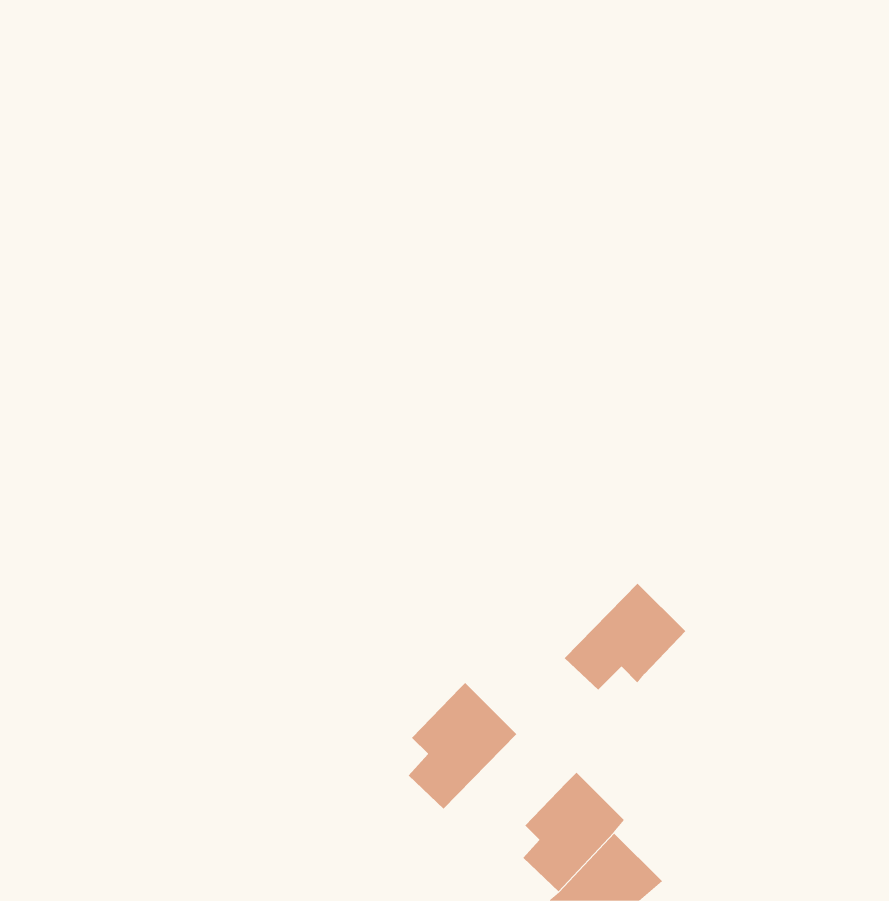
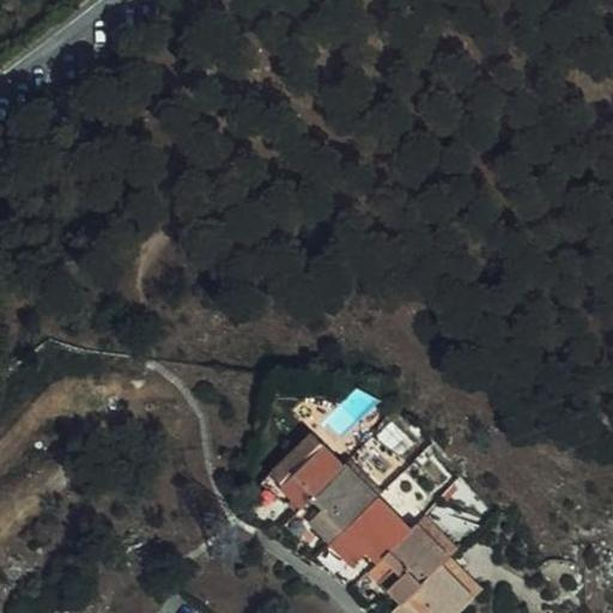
building: [564,583,686,691] -> [315,490,396,562]
building: none -> [260,436,326,503]

